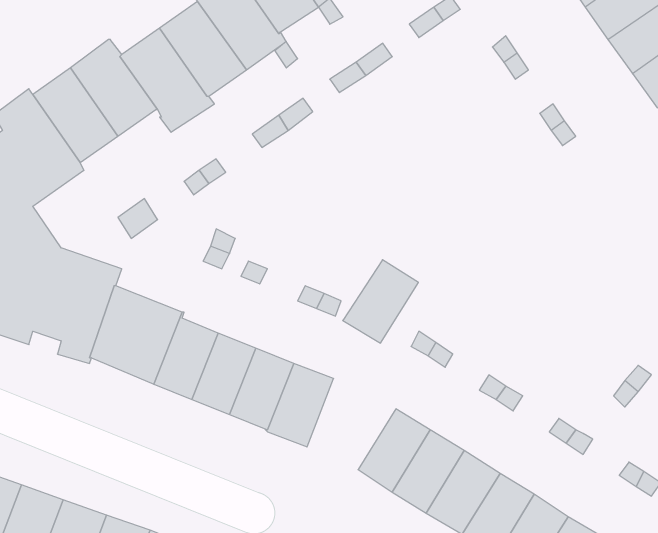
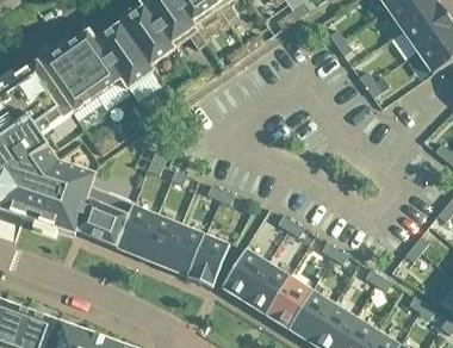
building: [343,260,418,343] -> [221,248,268,300]

